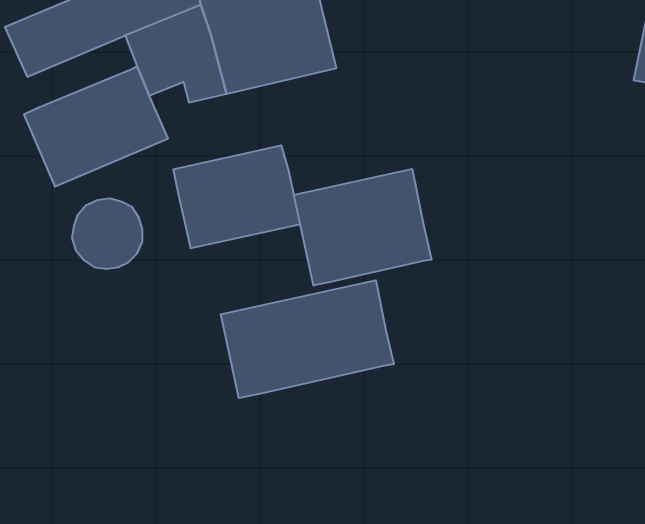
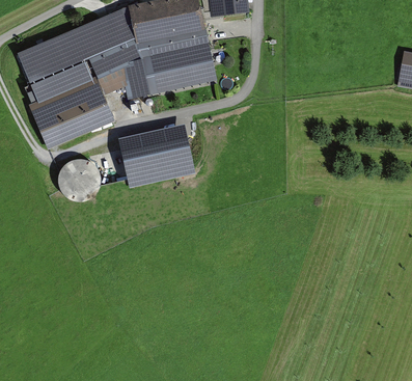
building: none -> [30,60,92,102]
building: [294,169,432,286] -> none
building: [221,280,394,398] -> none

